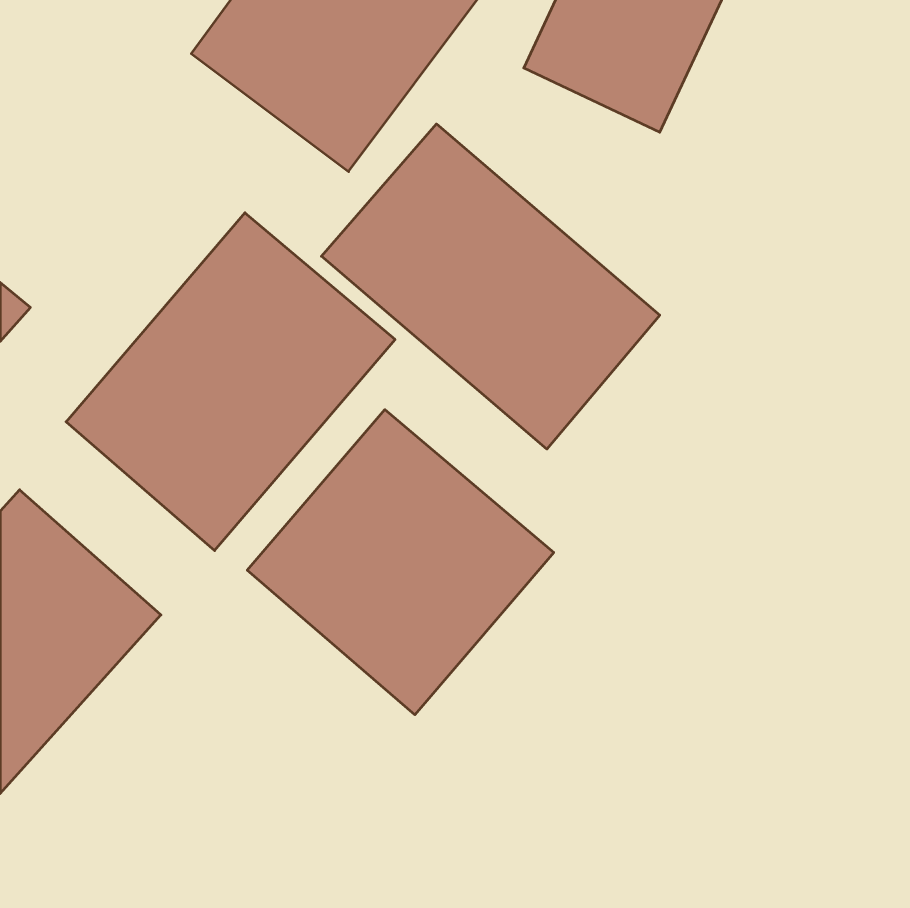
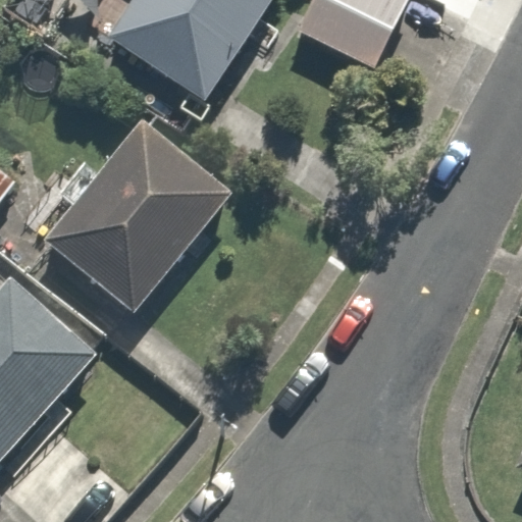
building: [321,124,660,449] -> none
building: [247,410,554,715] -> none

